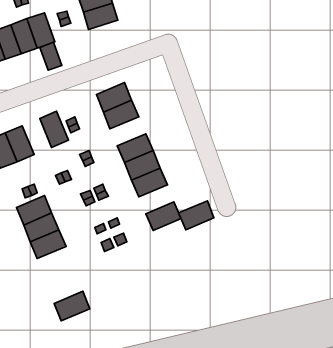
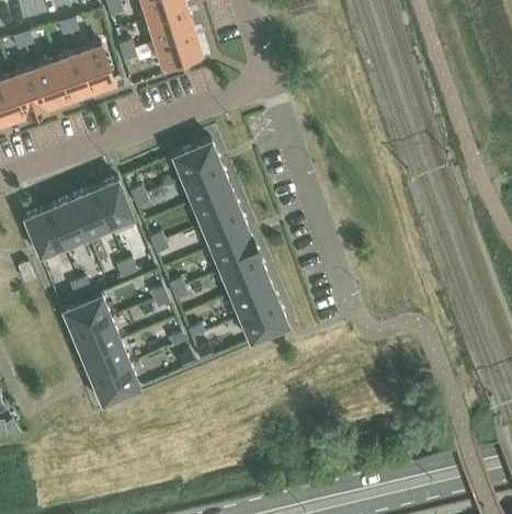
building: [40,42,62,70] -> none
building: none -> [191,187,240,227]
building: none -> [70,190,111,239]
building: [179,201,214,230] -> [230,281,278,320]
building: [54,291,90,321] -> [91,365,140,406]

